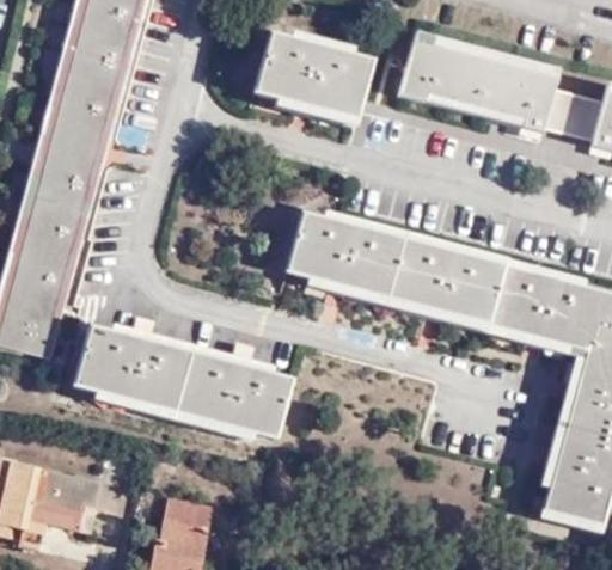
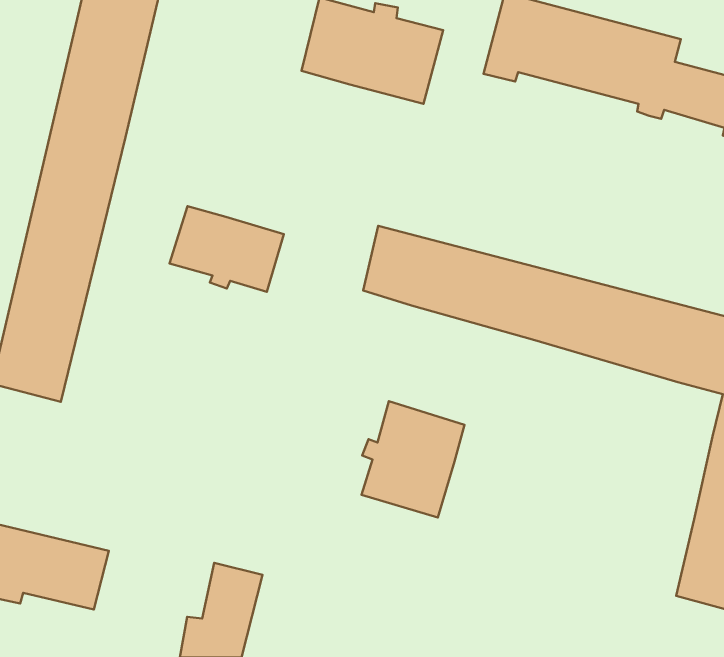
building: none -> [169,206,284,292]
building: [75,323,289,437] -> none
building: none -> [362,401,465,517]

